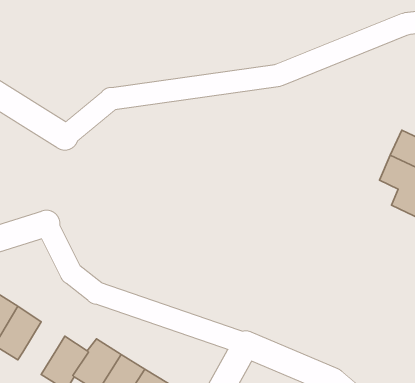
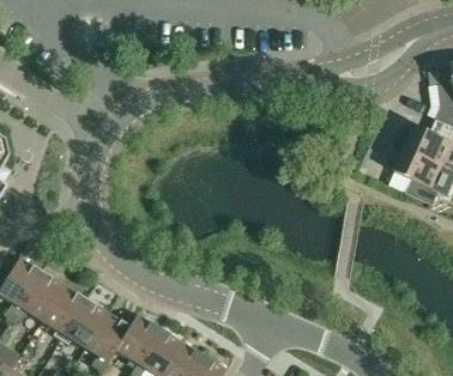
building: none -> [62,299,105,347]

